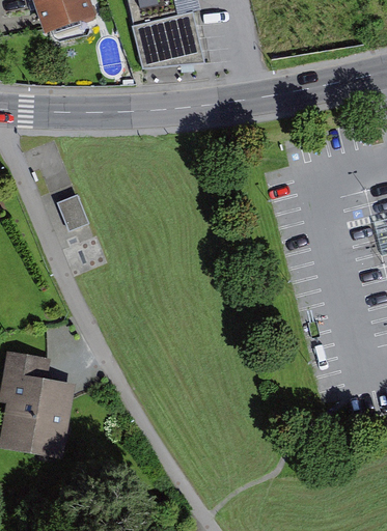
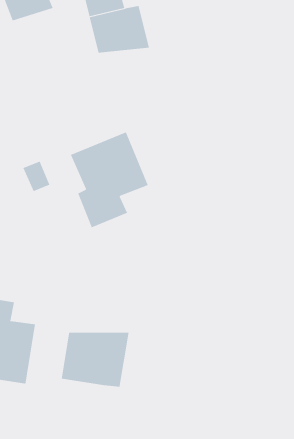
building: none -> [70,132,148,228]
building: none -> [61,332,129,388]

